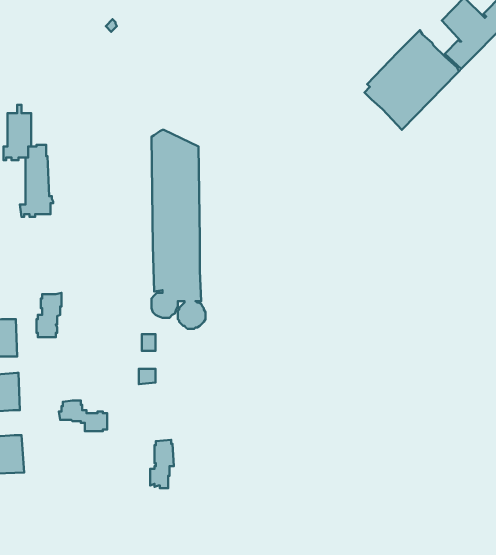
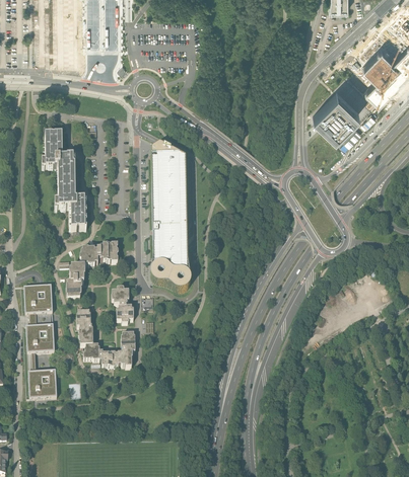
building: none -> [70,196,84,227]
building: none -> [79,241,118,264]
building: none -> [112,287,133,321]
building: none -> [76,308,92,343]
building: [150,440,174,488] -> [118,330,135,366]

